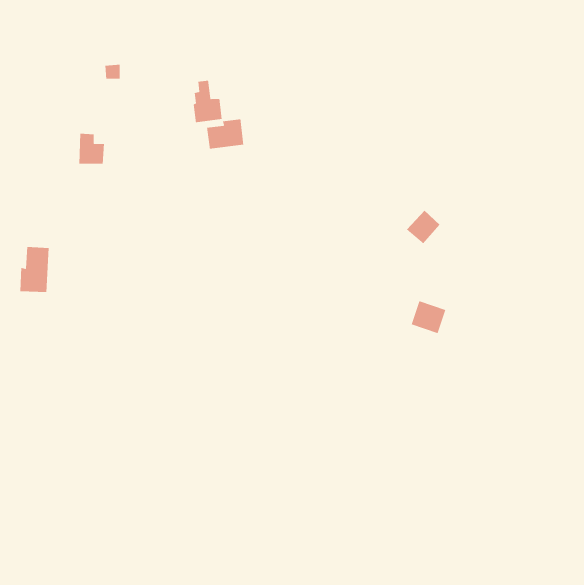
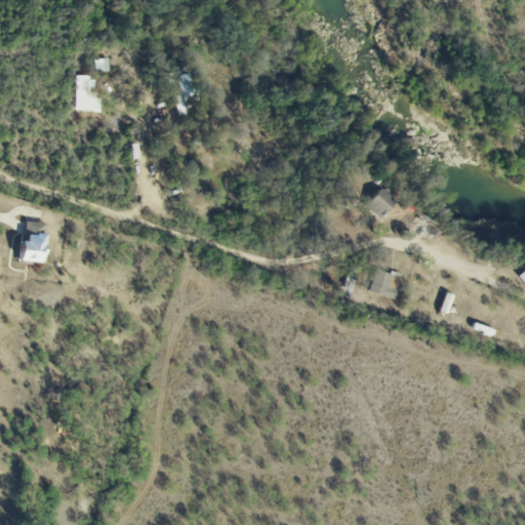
building: [207,118,244,149] -> none
building: [78,133,105,164] -> [76,82,99,110]

